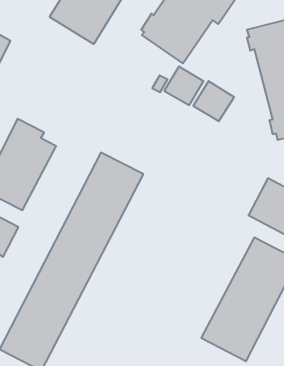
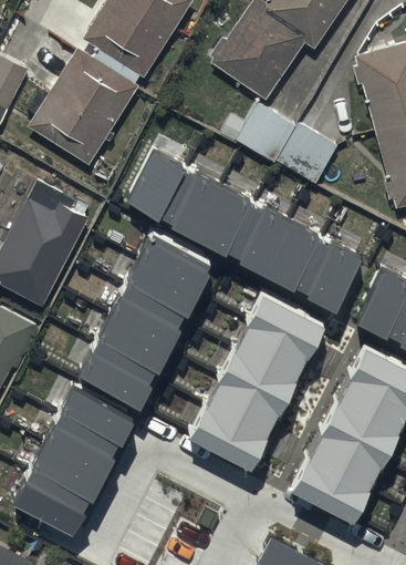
building: none -> [28,51,137,167]
building: none -> [127,151,360,305]
building: none -> [188,292,324,468]

